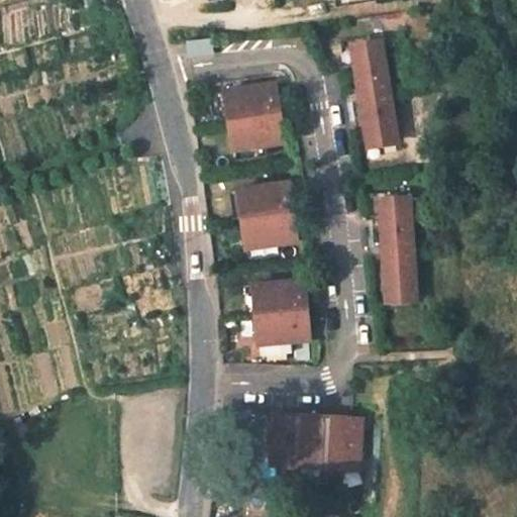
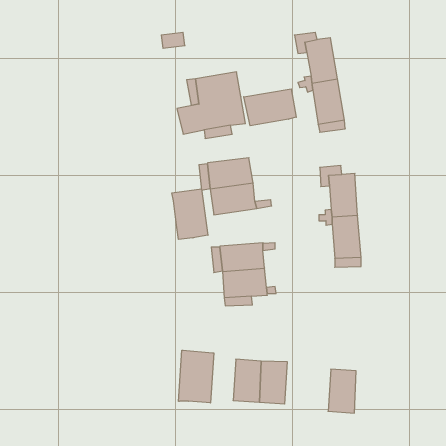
building: none -> [244,89,296,126]
building: none -> [172,189,208,239]
building: none -> [179,350,214,403]
building: [330,417,363,468] -> [328,369,356,413]

